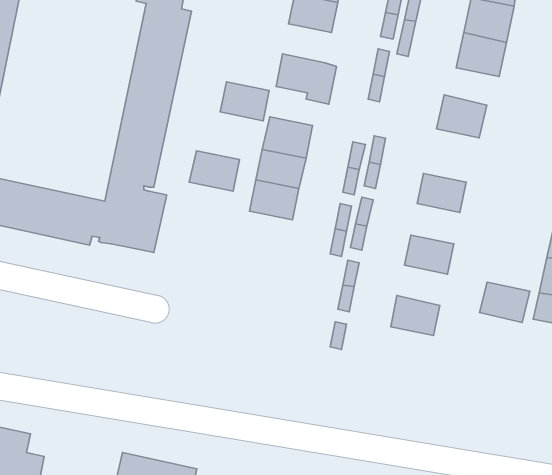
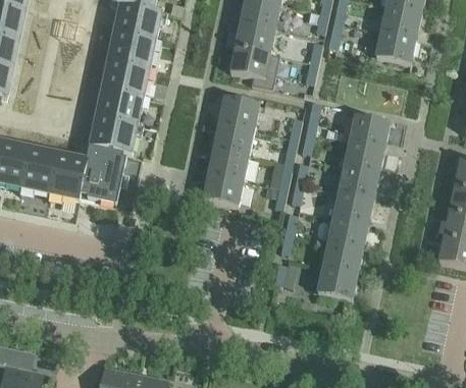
building: [220,82,269,121] -> [235,20,274,52]
building: [436,95,487,138] -> [349,114,390,149]
building: [189,151,239,191] -> [202,172,243,205]
building: none -> [339,166,378,199]
building: [479,282,530,322] -> [327,216,368,248]
building: none -> [317,266,357,298]

